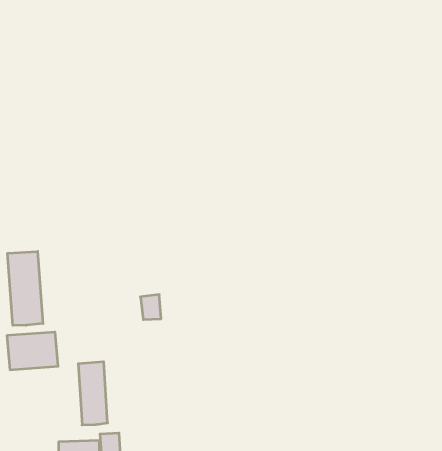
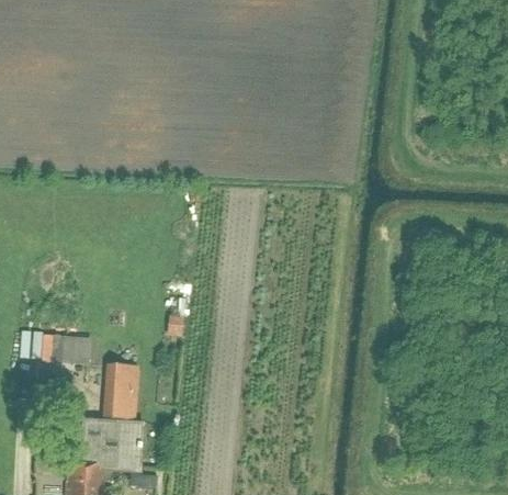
building: [8,251,43,325] -> none

